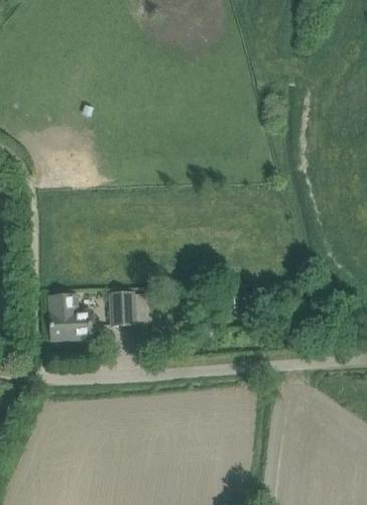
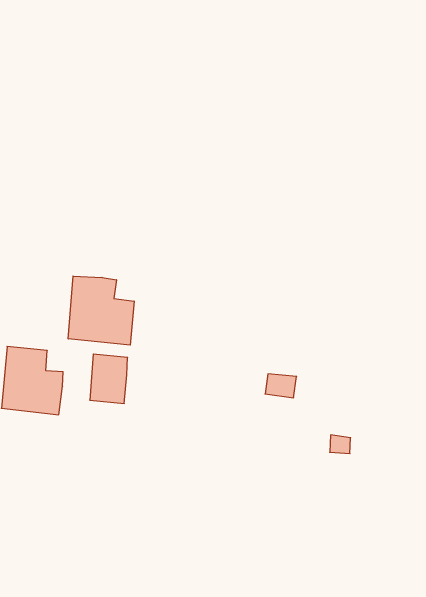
building: none -> [68,276,134,345]

